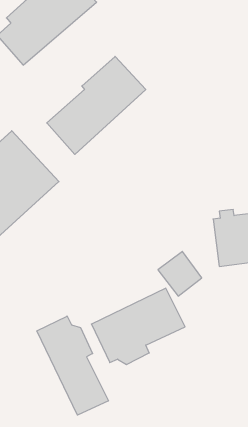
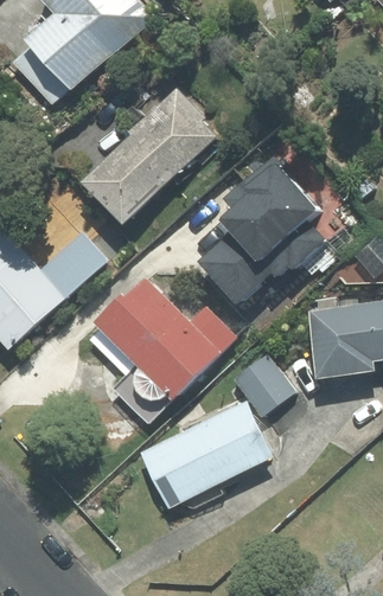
building: none -> [200,158,326,305]
building: none -> [91,277,235,424]
building: [37,316,108,415] -> none

